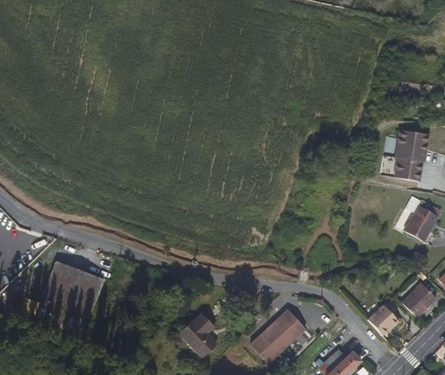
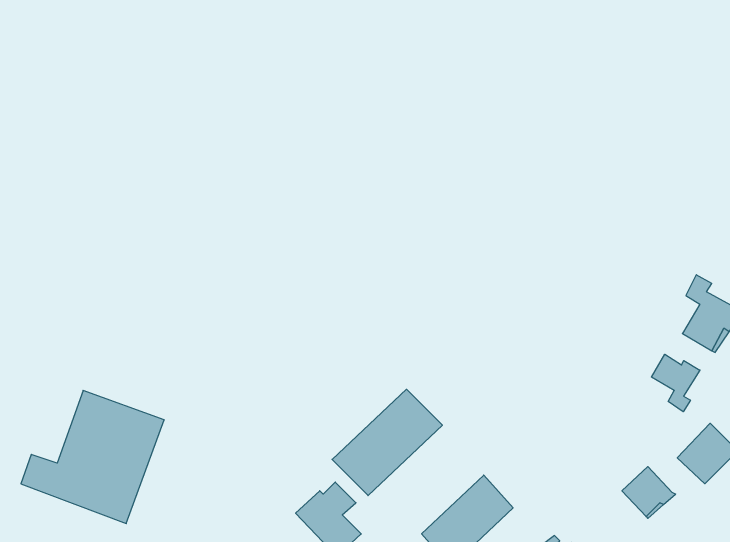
building: [392,128,426,179] -> none
building: none -> [651,354,700,412]
building: none -> [332,389,442,496]

